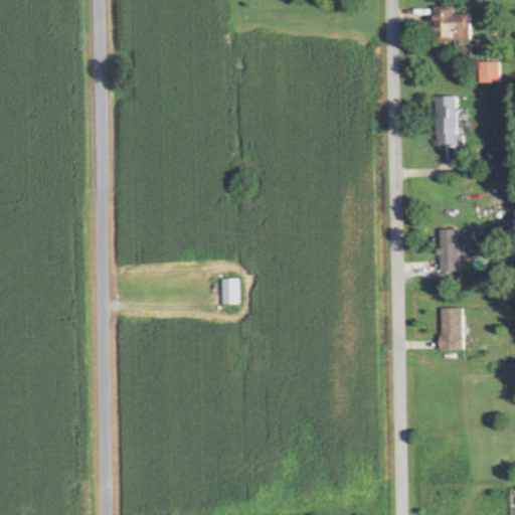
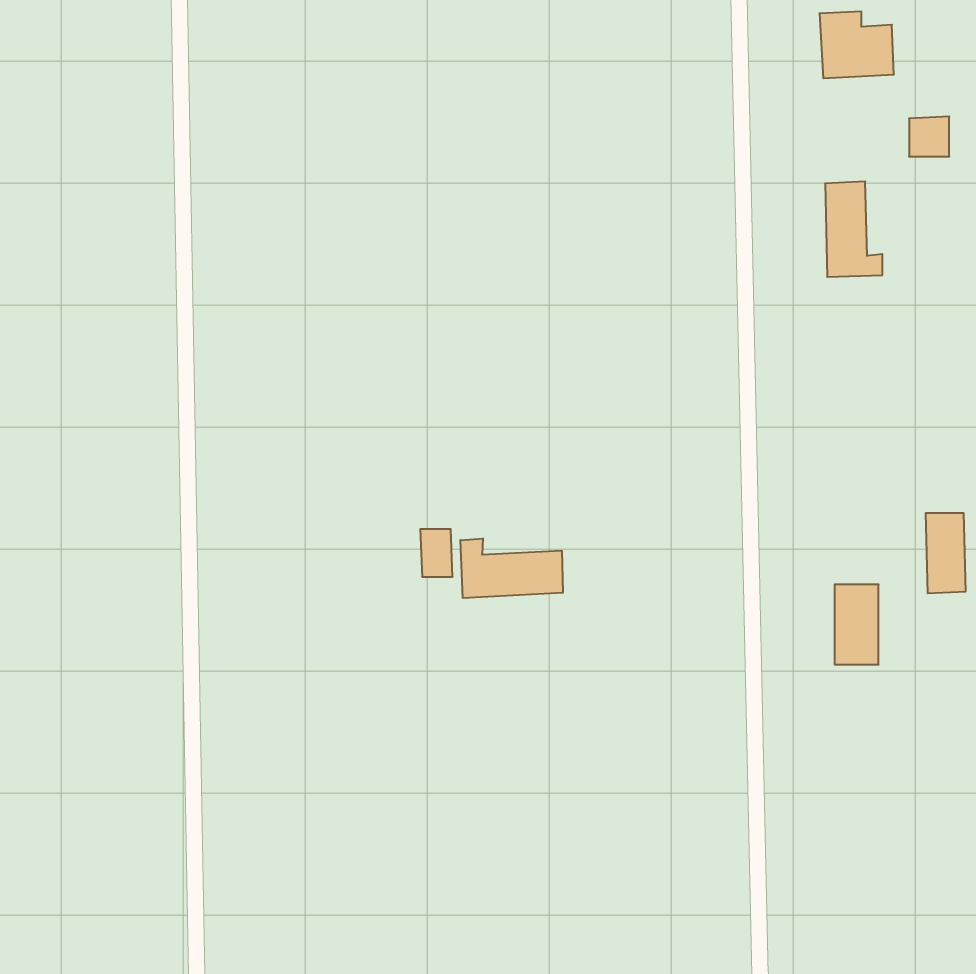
building: [438,229,459,272] -> [926,513,966,593]
building: none -> [460,538,563,598]

